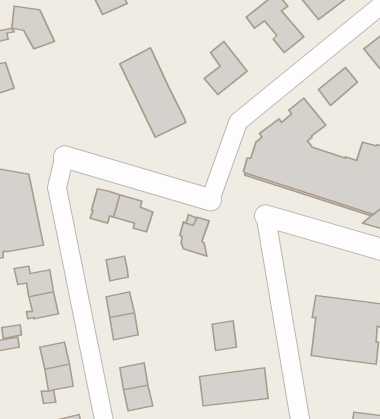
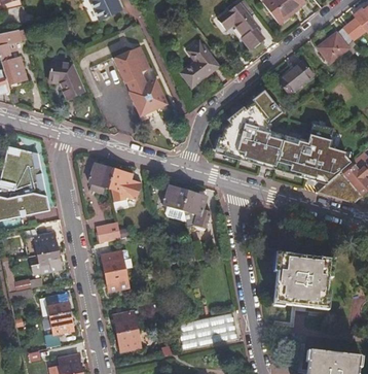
building: [12,6,55,49] -> [50,63,86,99]
building: none -> [182,190,212,228]
building: [212,321,236,350] -> none

